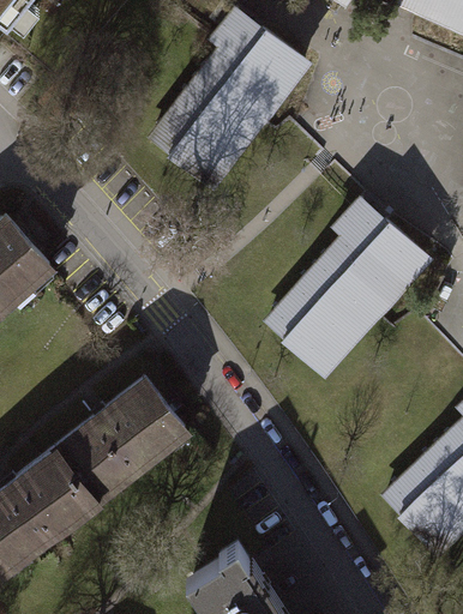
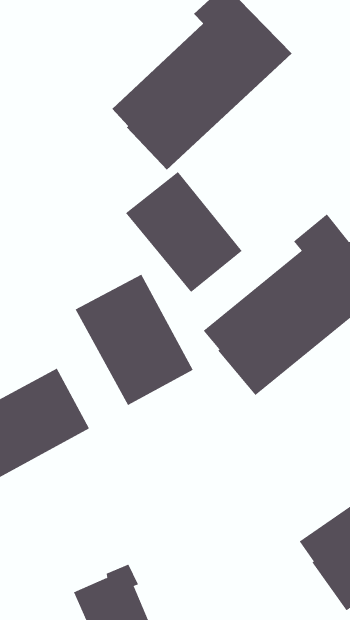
building: none -> [125,171,242,293]
building: none -> [75,274,193,406]

